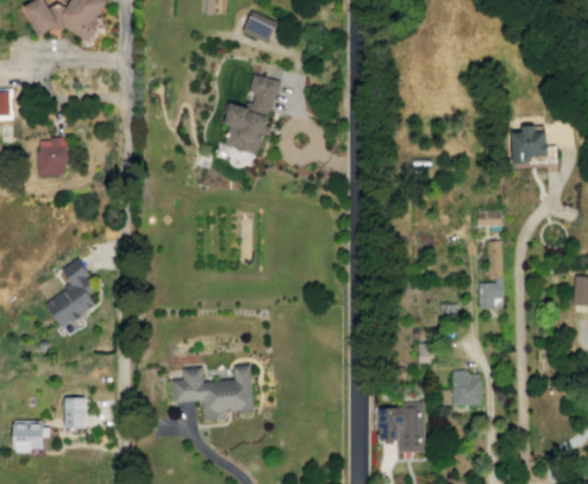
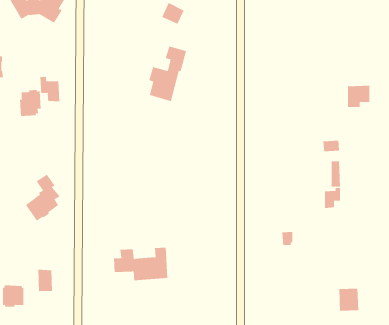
building: none -> [40,76,60,102]
building: [451,372,481,406] -> [338,288,359,311]
building: [379,402,425,453] -> none

